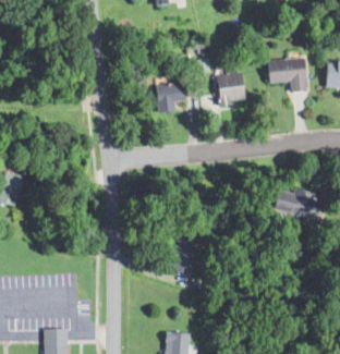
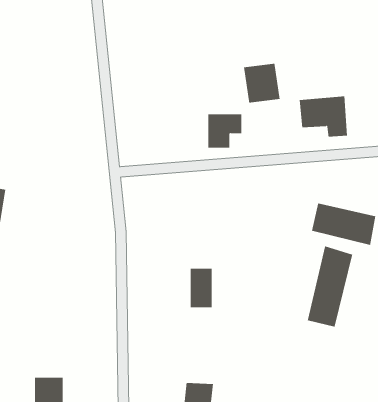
building: [267,56,307,89] -> [299,96,348,137]
building: [157,84,185,112] -> [208,114,242,148]
building: none -> [307,245,353,327]

